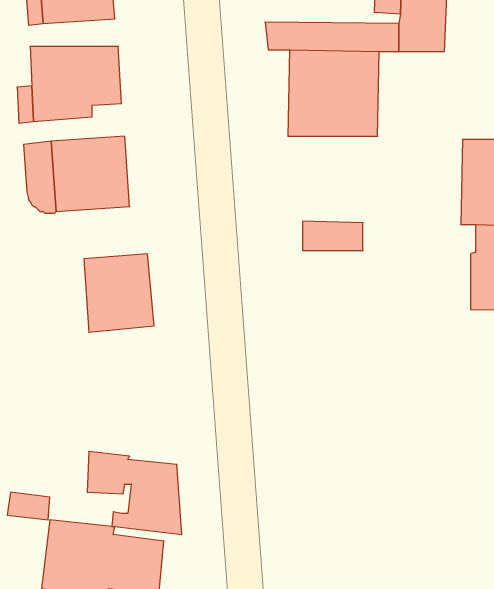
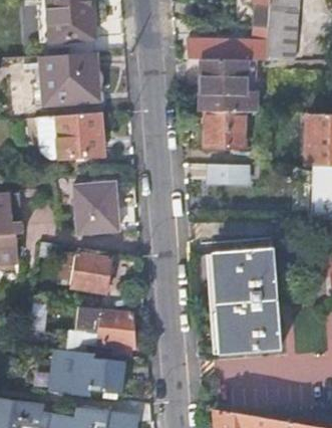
building: none -> [205,112,246,146]
building: none -> [211,248,278,353]
building: none -> [66,251,112,308]

